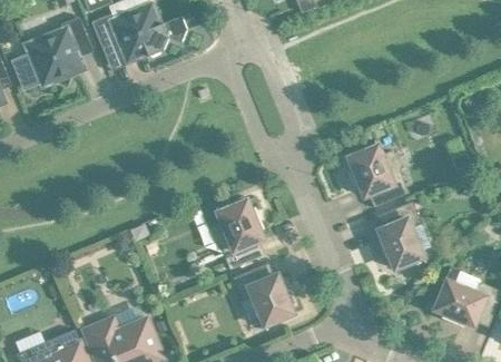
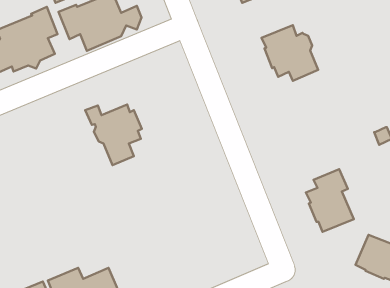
building: [343,140,407,204] -> [261,25,318,81]
building: [198,199,263,268] -> [85,104,142,165]
building: [233,266,294,324] -> none

